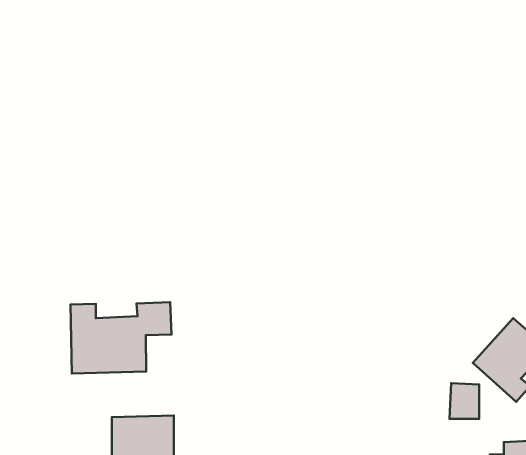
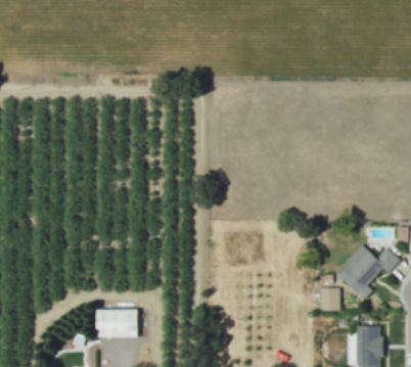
building: [70,302,171,373] -> none

